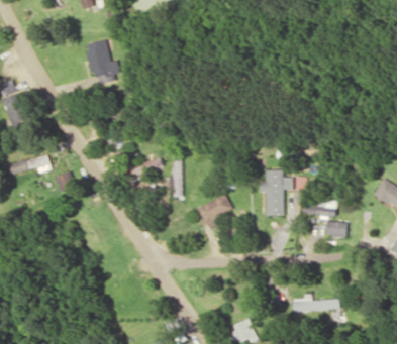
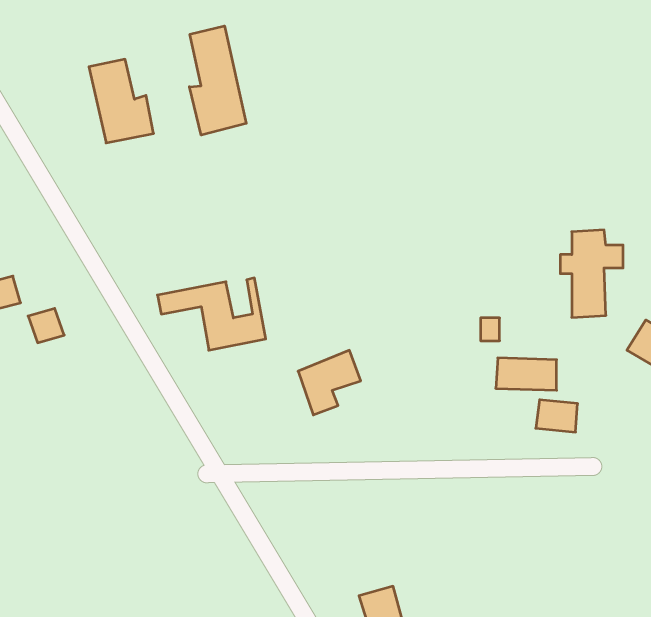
building: none -> [189,26,246,135]
building: [259,169,292,216] -> [560,230,623,317]
building: [292,295,338,311] -> none

